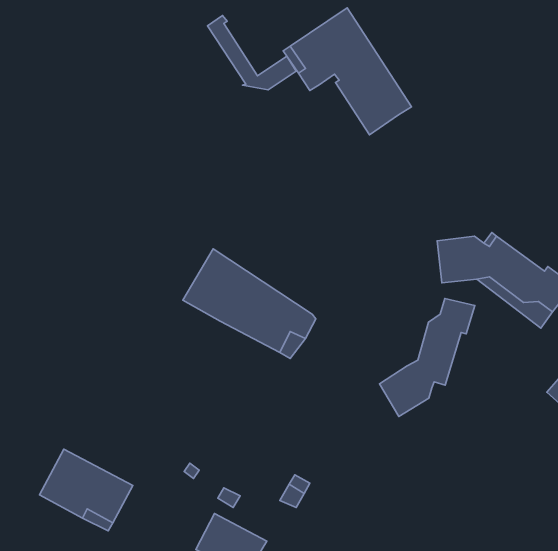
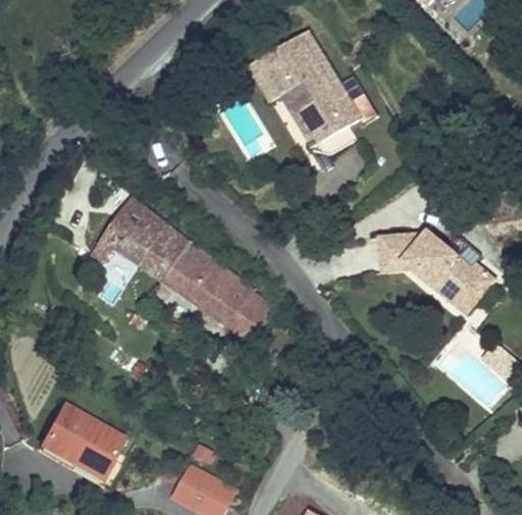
building: [207,15,296,90] -> [279,86,357,151]
building: none -> [88,183,187,284]
building: [379,298,475,417] -> none

